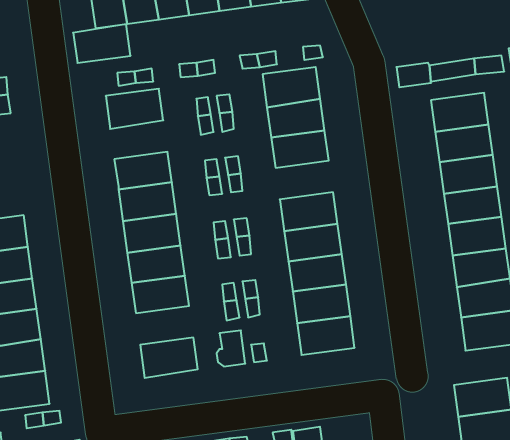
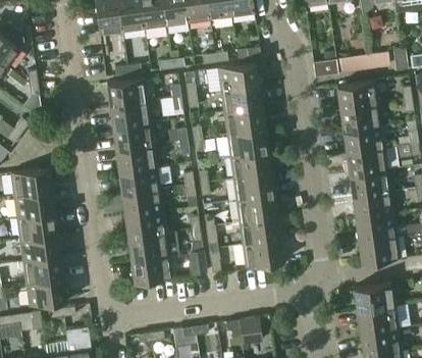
building: [73,24,131,63] -> [110,101,151,129]
building: none -> [227,130,268,157]
building: none -> [128,232,178,260]

